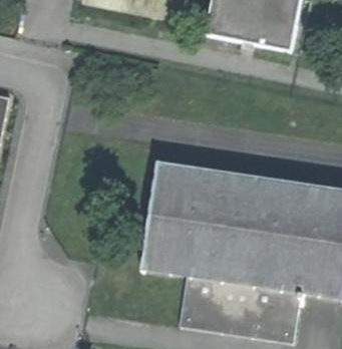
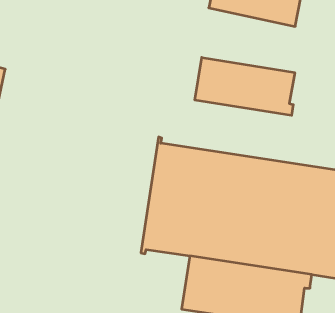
building: none -> [195,57,295,115]

